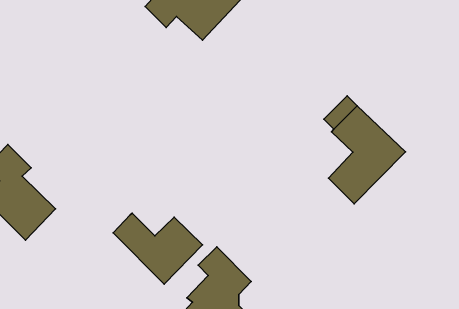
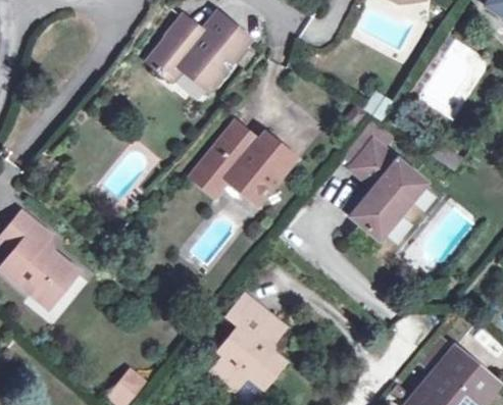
building: none -> [192,122,295,198]
building: [113,213,203,284] -> none

